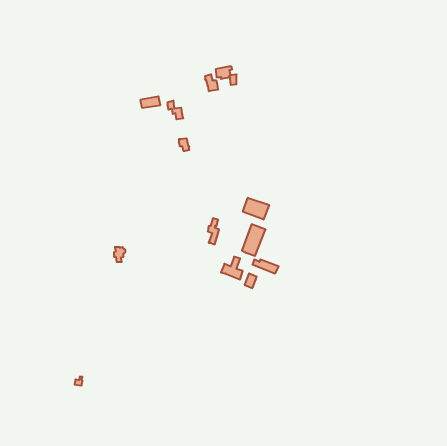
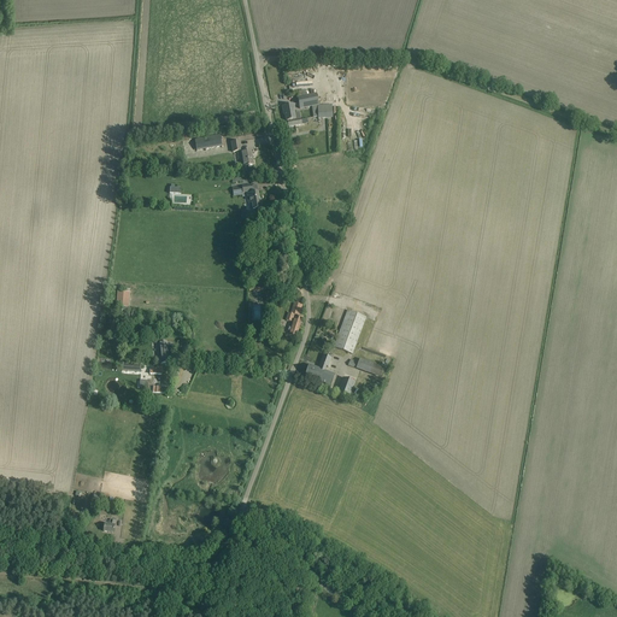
building: [243,198,269,220] -> none

